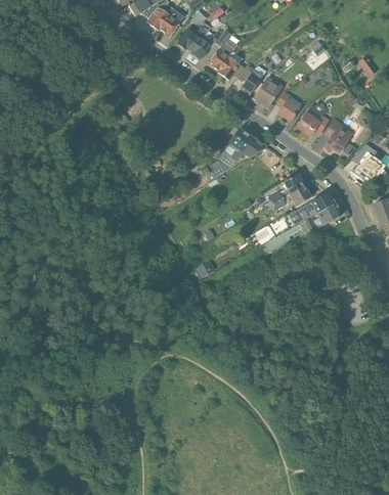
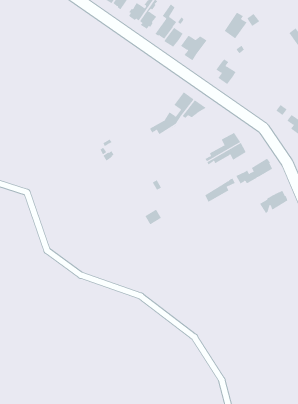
building: [254,76,280,106] -> [224,12,247,39]
building: [297,104,329,135] -> none
building: [323,119,350,152] -> none
building: [301,191,334,218] -> [259,190,288,214]

